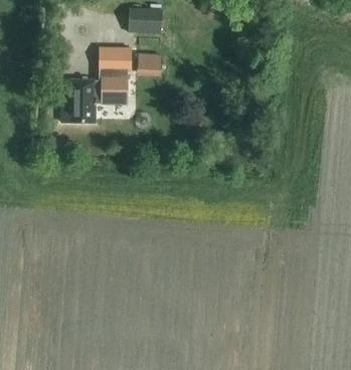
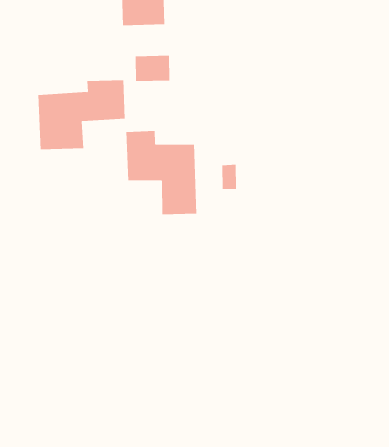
building: [100,47,131,72] -> none
building: none -> [126,130,197,215]

